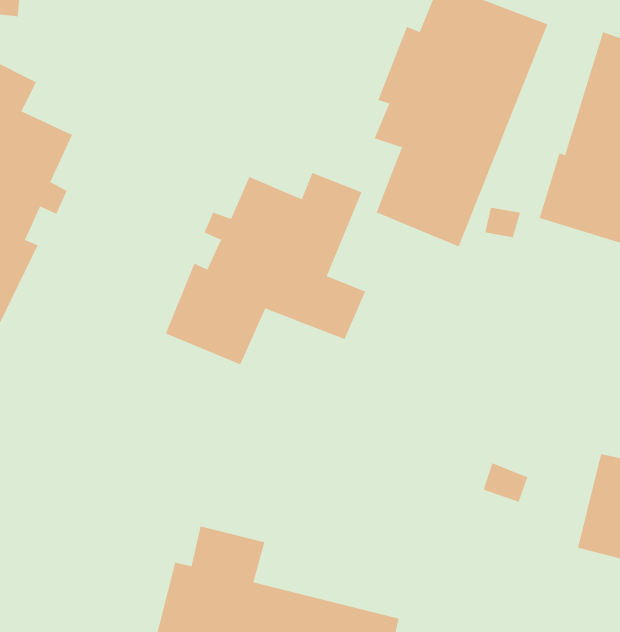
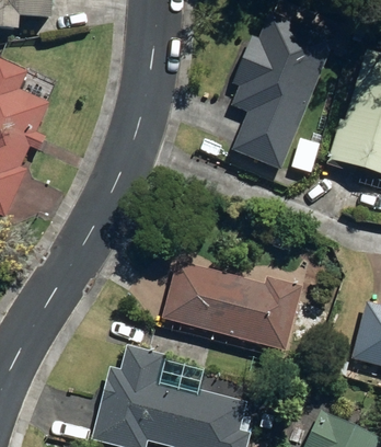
building: [165,172,366,365] -> none
building: none -> [161,259,301,348]

